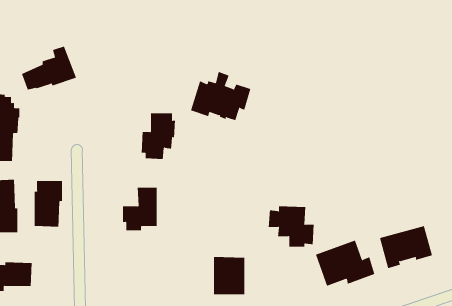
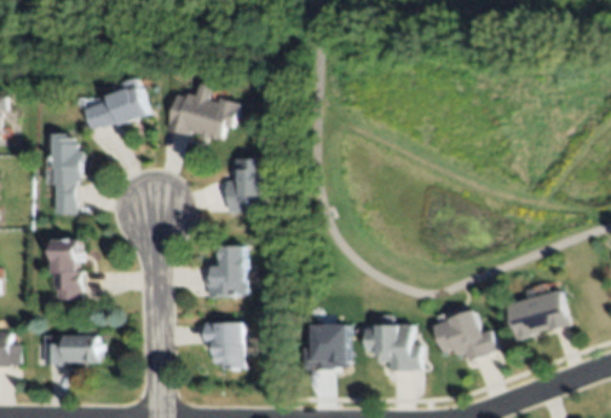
building: [190,71,251,121] -> [167,83,238,141]
building: [34,180,62,227] -> none
building: [268,206,314,247] -> [364,323,419,371]
building: none -> [202,319,242,367]

